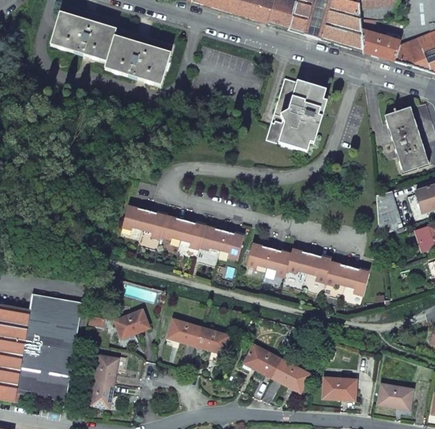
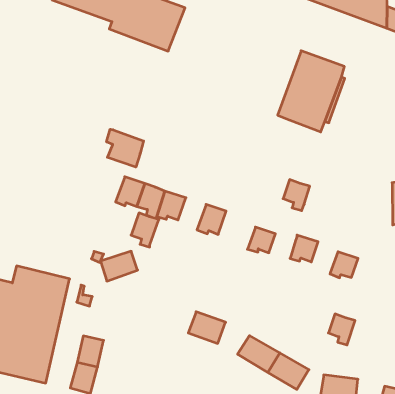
building: none -> [107,129,144,167]
building: [180,220,205,251] -> [131,213,159,247]
building: [218,230,243,262] -> none
building: [266,248,290,276] -> [283,180,310,211]
building: [306,253,330,281] -> none
building: [344,266,368,294] -> [328,314,355,345]
building: [114,309,149,338] -> [100,251,138,281]
building: [168,317,202,345] -> none

